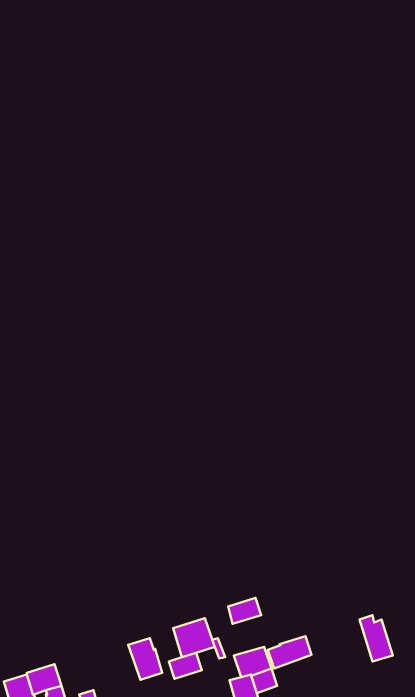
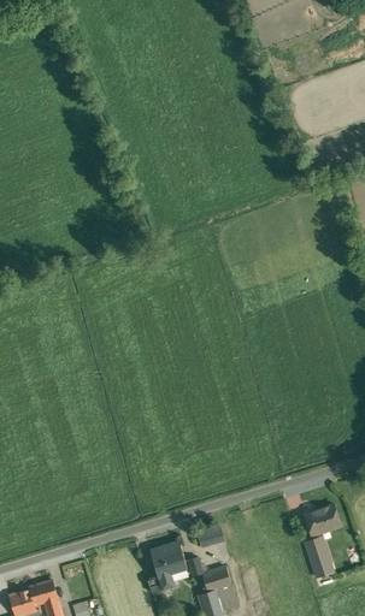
building: none -> [306,507,340,535]
building: [268,636,312,669] -> none
building: [128,638,162,680] -> none

